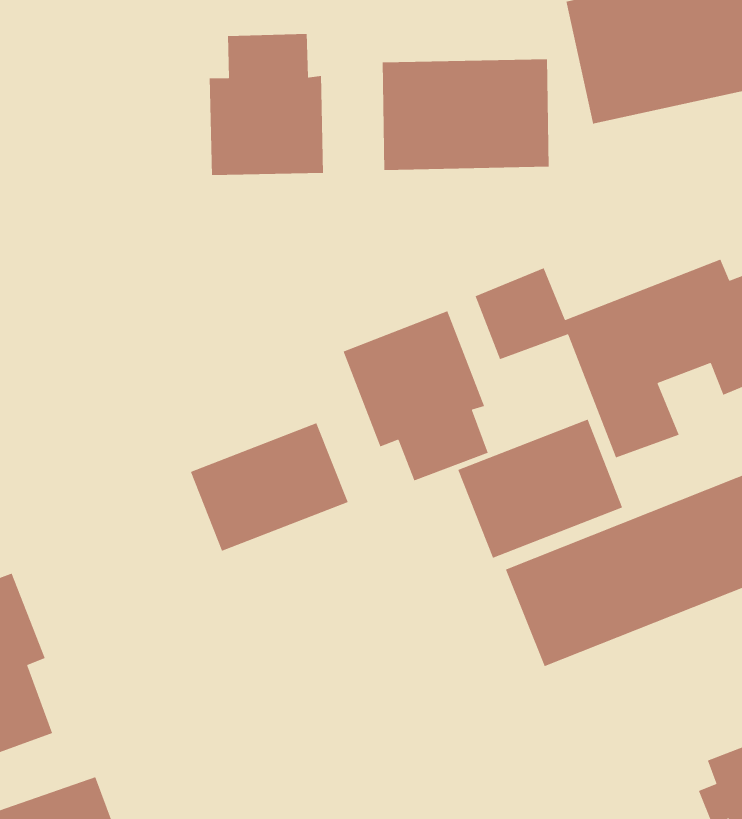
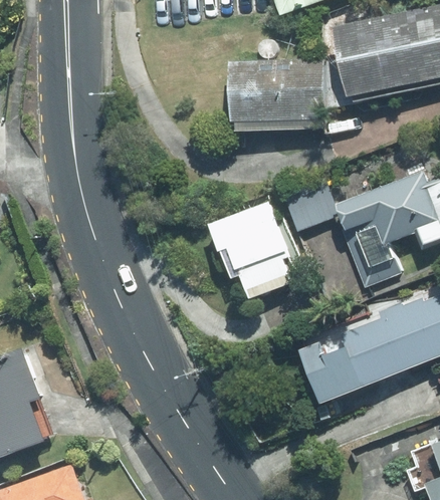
building: [209,33,324,176] -> none
building: [457,418,623,559] -> none
building: [190,422,349,552] -> none

